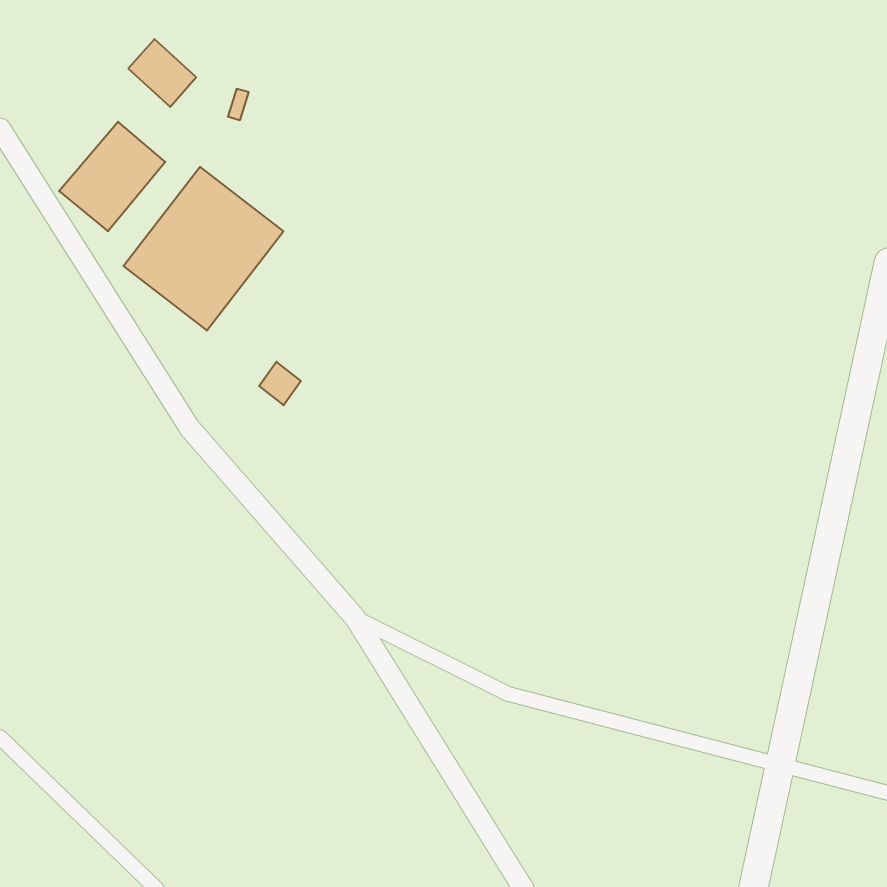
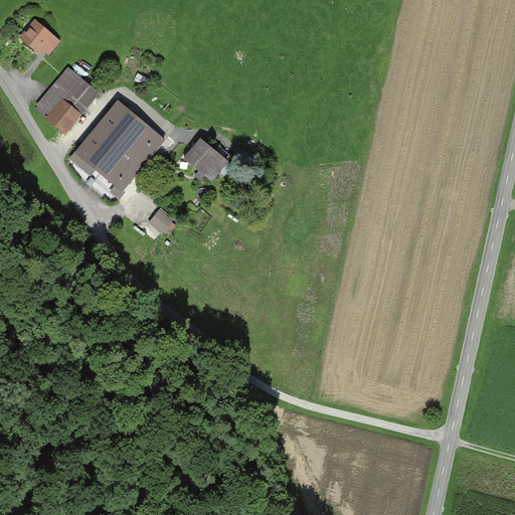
building: [128,39,196,107] -> [18,18,57,57]
building: none -> [179,139,227,185]

